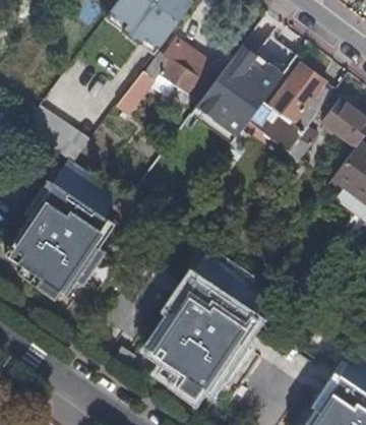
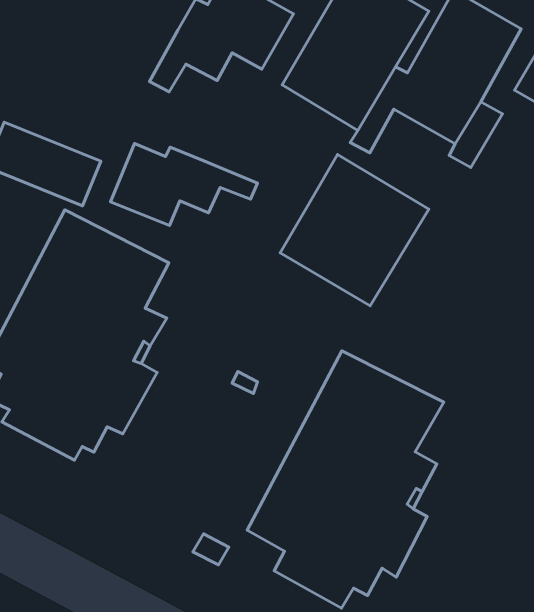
building: none -> [111,144,258,225]
building: none -> [280,154,429,306]

